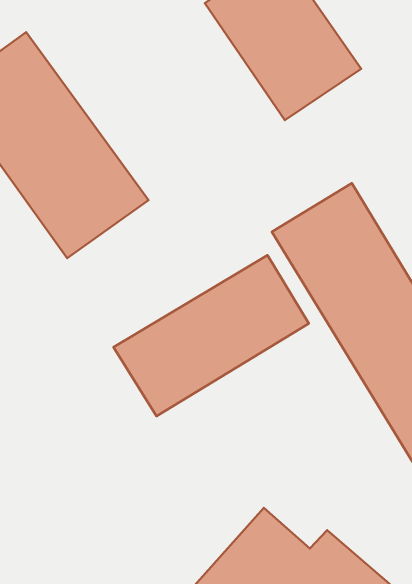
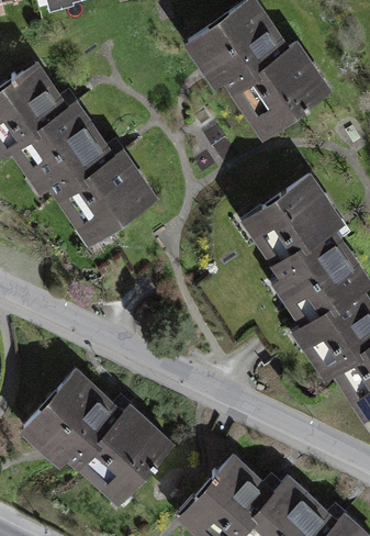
building: [114,255,309,416] -> none
building: none -> [29,372,166,509]

